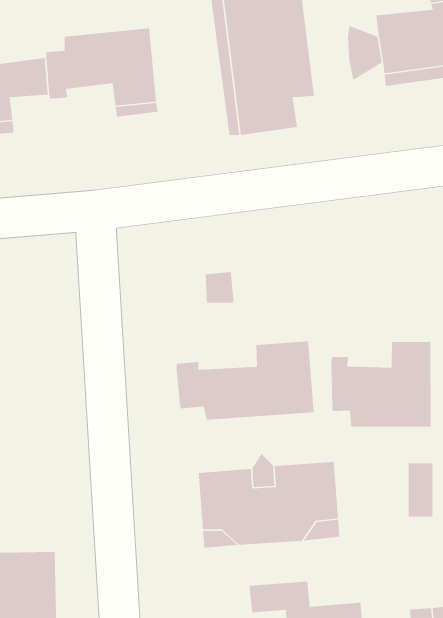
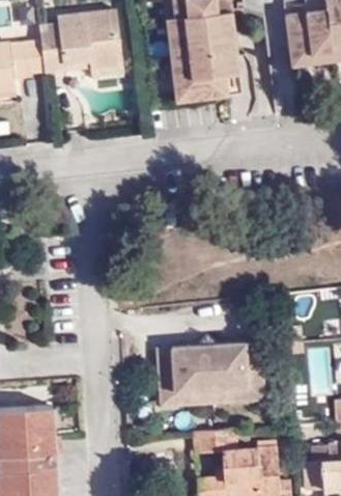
building: [175,341,314,421] -> none
building: [331,341,431,427] -> none

